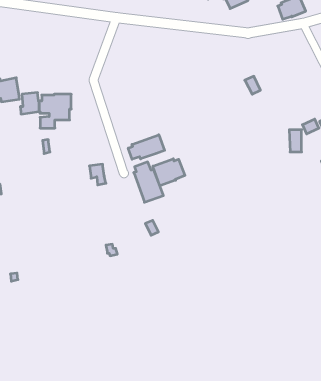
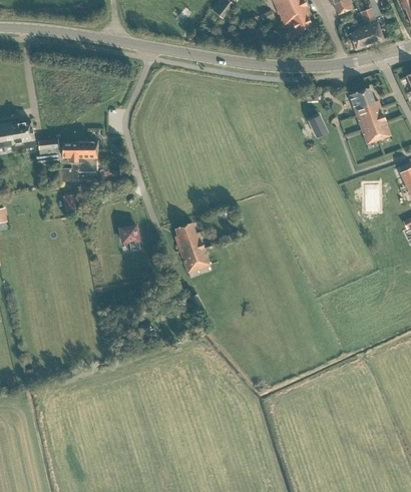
building: none -> [350,87,390,142]
building: [128,135,165,159] -> none
building: [153,159,185,186] -> none

